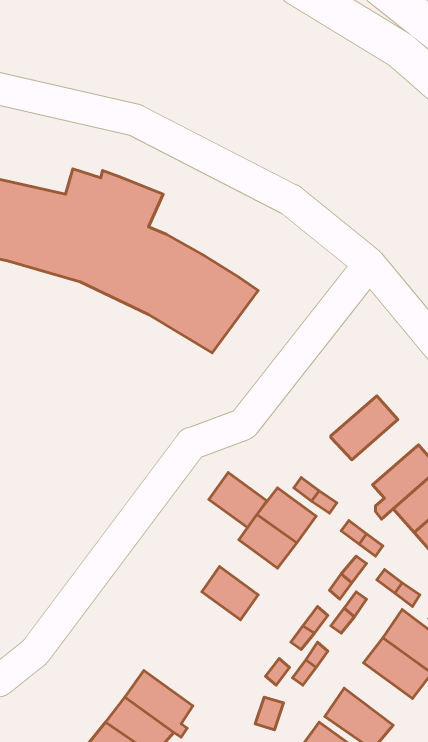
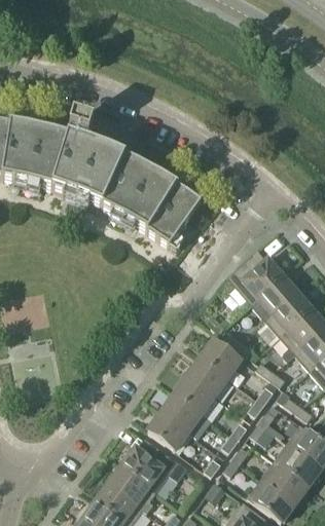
building: none -> [227,254,284,302]
building: none -> [266,291,313,336]
building: [209,473,267,528] -> [175,374,215,412]
building: none -> [148,410,189,448]
building: none -> [122,441,186,489]
building: none -> [261,459,309,502]

